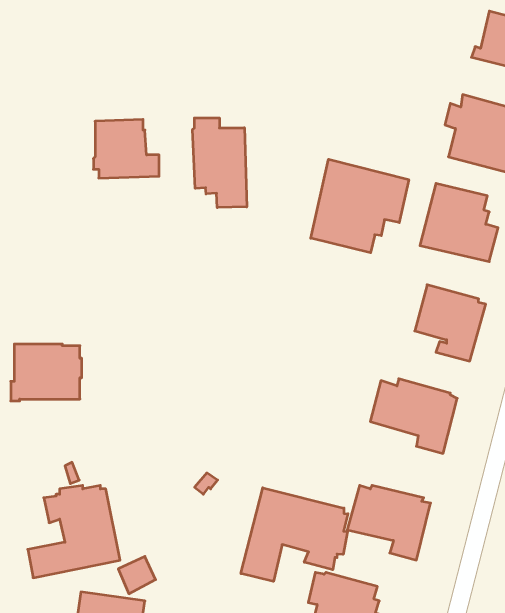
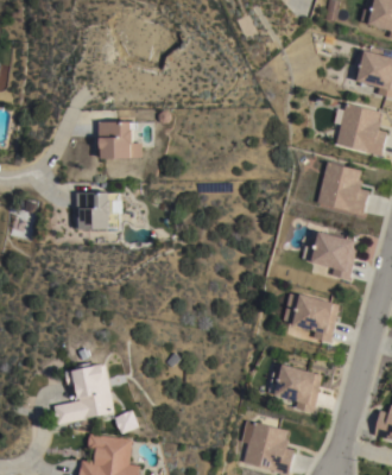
building: [193,118,247,208] -> none
building: [311,159,409,253] -> none
building: [11,344,82,401] -> [74,191,121,229]
building: [241,488,348,581] -> none

